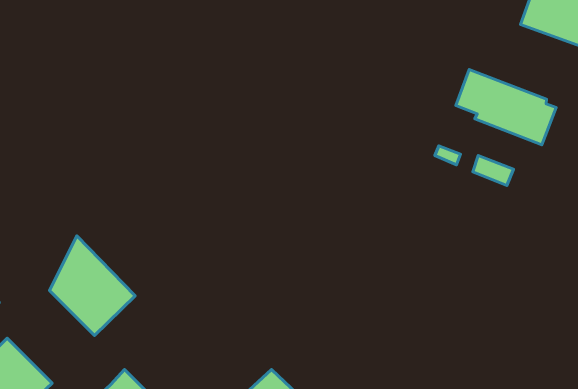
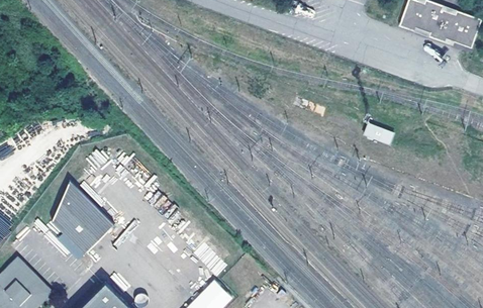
building: [456,69,556,145] -> none

